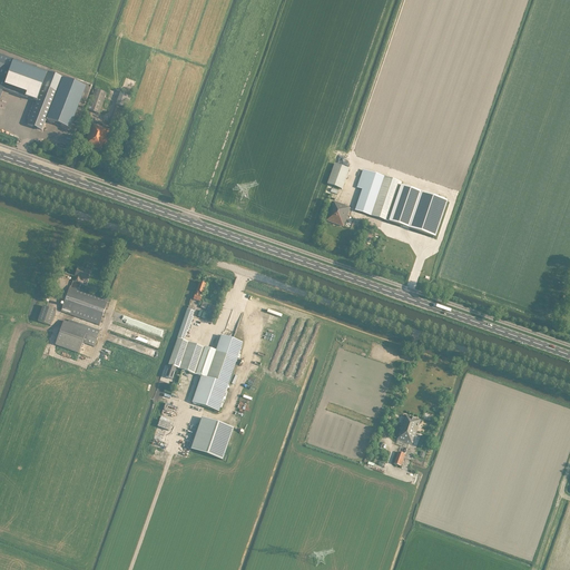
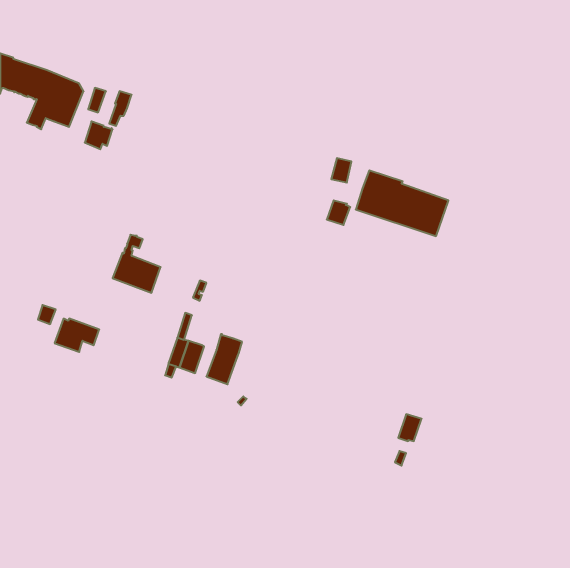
building: [60,266,108,324] -> [113,235,161,293]
building: [191,375,227,411] -> none
building: [190,416,233,459] -> none

